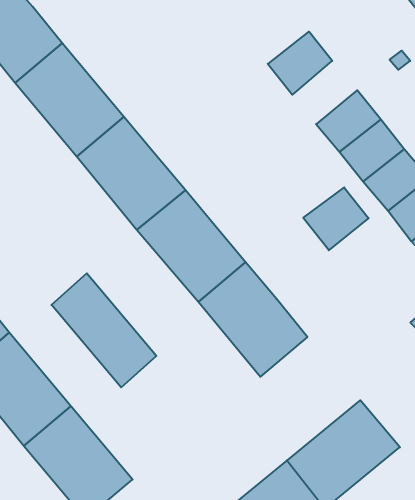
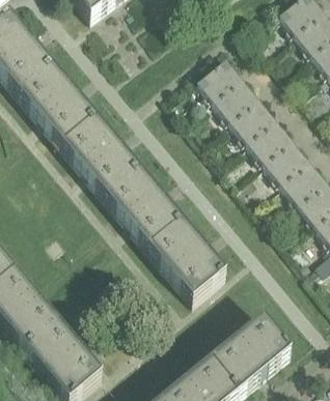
building: none -> [212,77,257,121]
building: [303,187,369,250] -> none
building: [51,273,156,387] -> none

